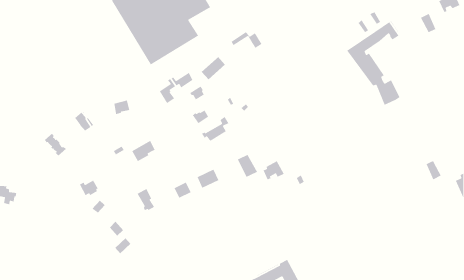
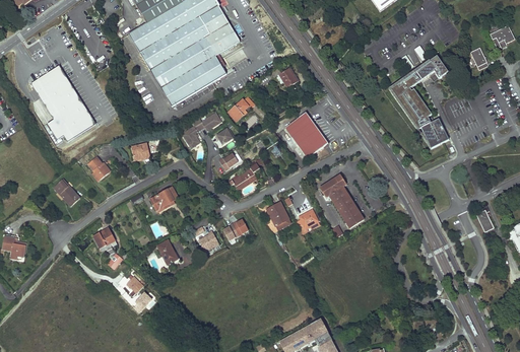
building: none -> [32,67,93,139]
building: none -> [288,118,326,157]
building: none -> [320,174,363,227]

